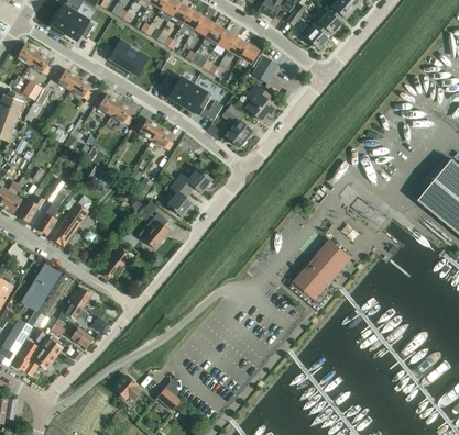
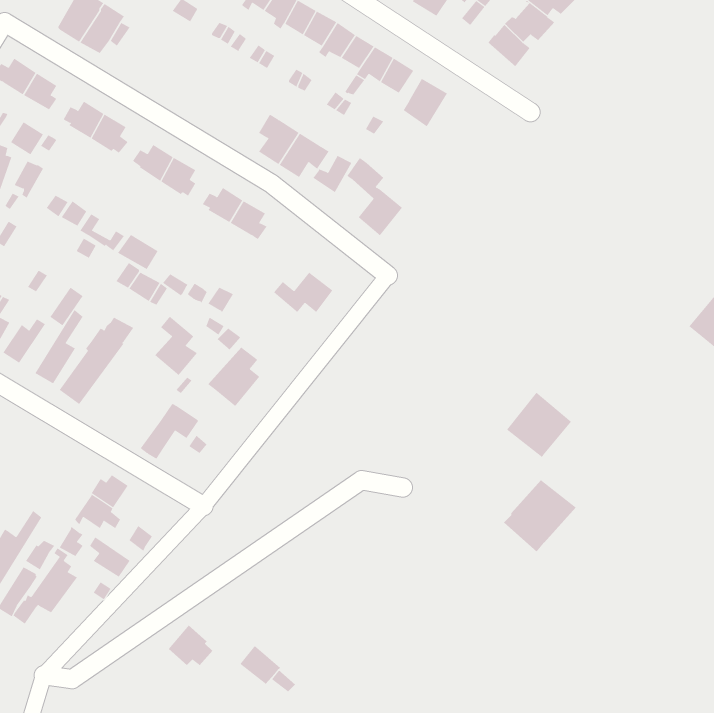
building: [107,38,149,77] -> none
building: [248,85,274,121] -> none
building: [167,180,193,215] -> [155,316,198,376]
building: [291,260,334,303] -> [503,479,576,553]
building: [24,266,63,312] -> none

